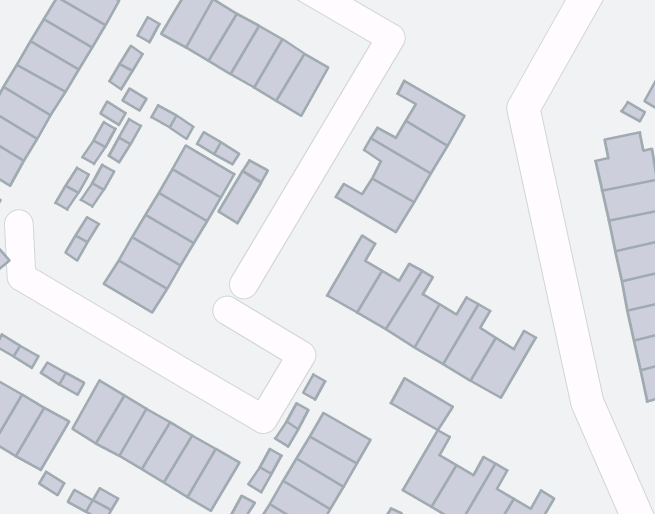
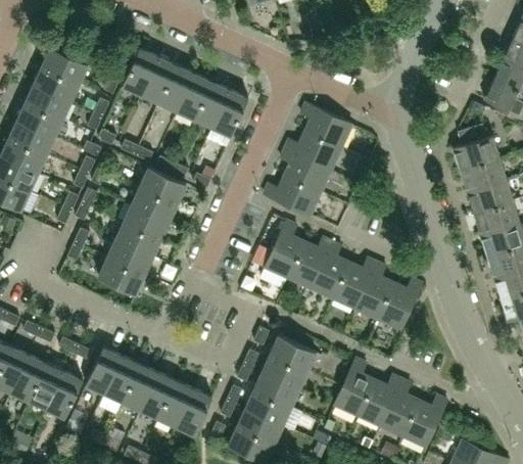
building: [219,171,261,223] -> none
building: [391,378,453,430] -> [270,334,316,370]

